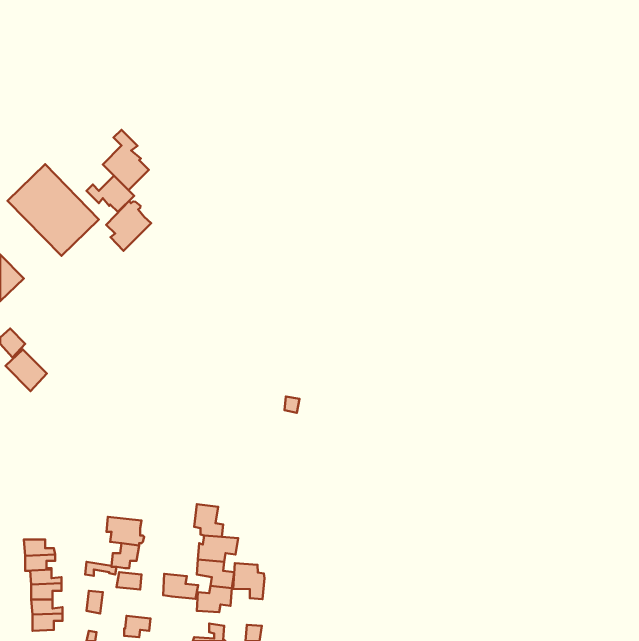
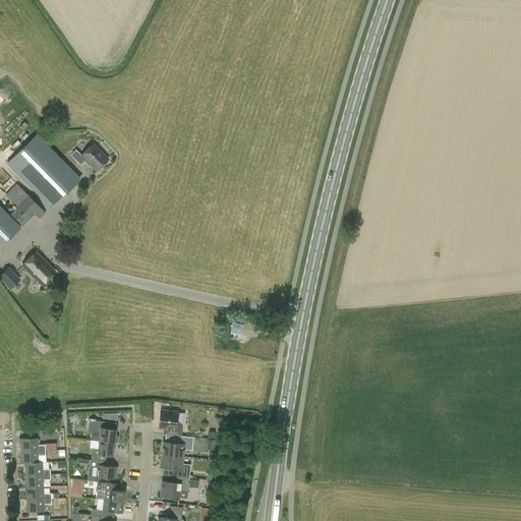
building: [103,130,149,190] -> none
building: [106,201,151,251] -> none
building: none -> [5,183,46,226]
building: [5,350,47,391] -> [22,251,56,285]
building: [233,563,264,599] -> none
building: [163,574,198,599] -> [97,481,125,502]

